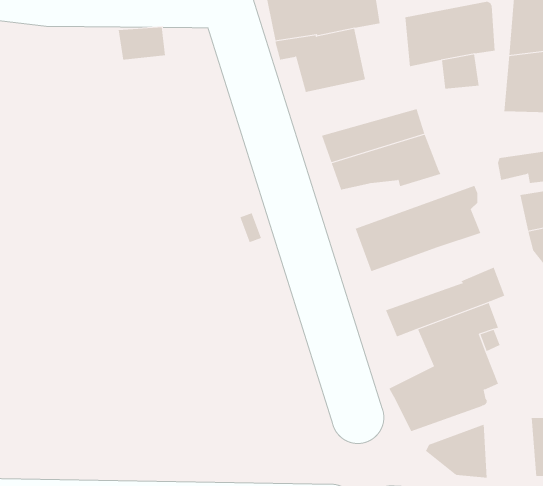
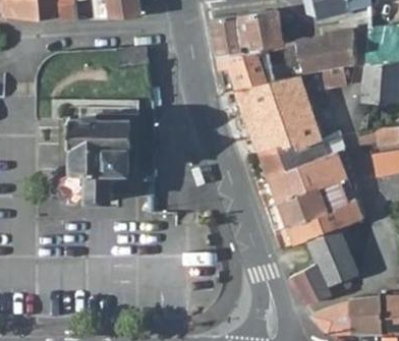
building: none -> [235,73,306,114]
building: none -> [66,115,131,205]
building: none -> [258,127,343,173]
building: none -> [277,176,355,225]
building: none -> [349,293,382,332]

